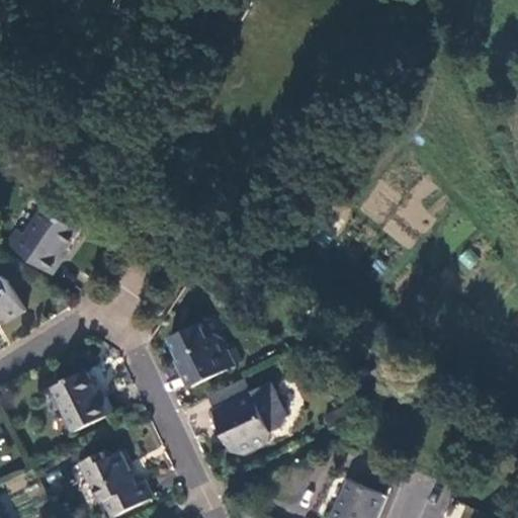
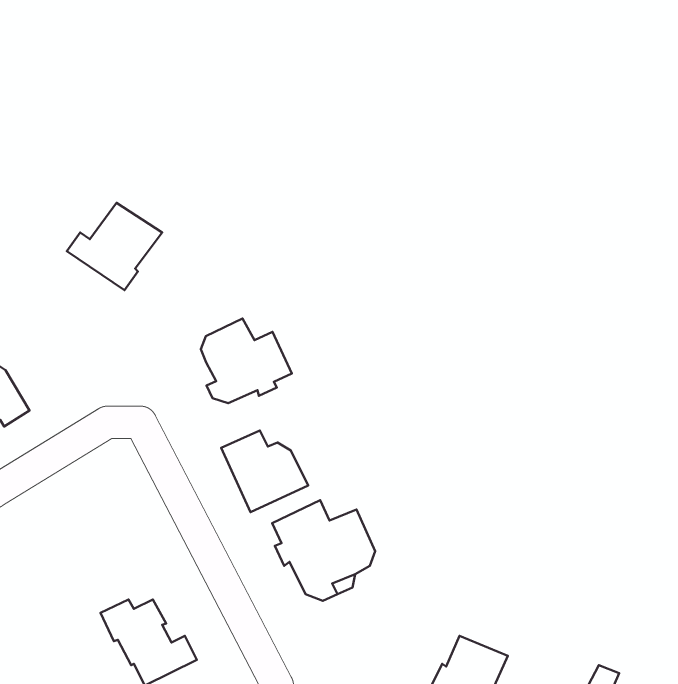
building: [6,208,78,274] -> [67,203,162,290]
building: none -> [201,318,292,403]
building: [49,370,110,432] -> none

